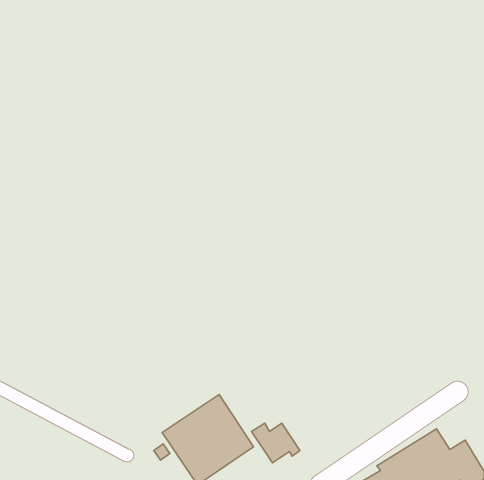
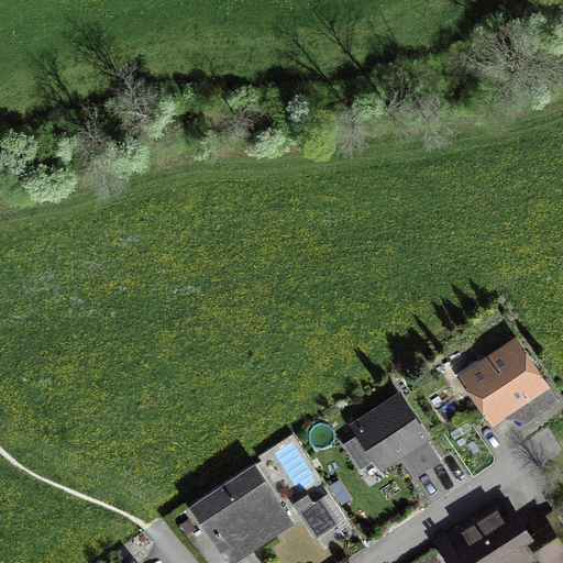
building: none -> [463,347,539,422]
building: none -> [342,393,441,482]

